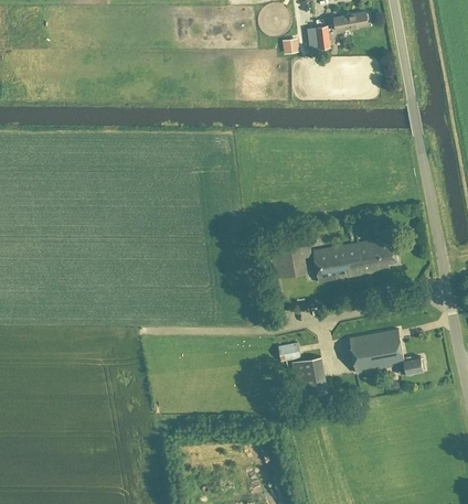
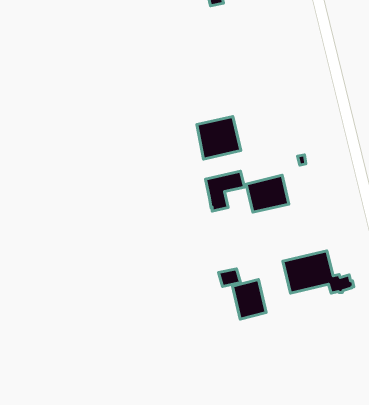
building: none -> [197,117,241,159]
building: [352,236,396,275] -> none

